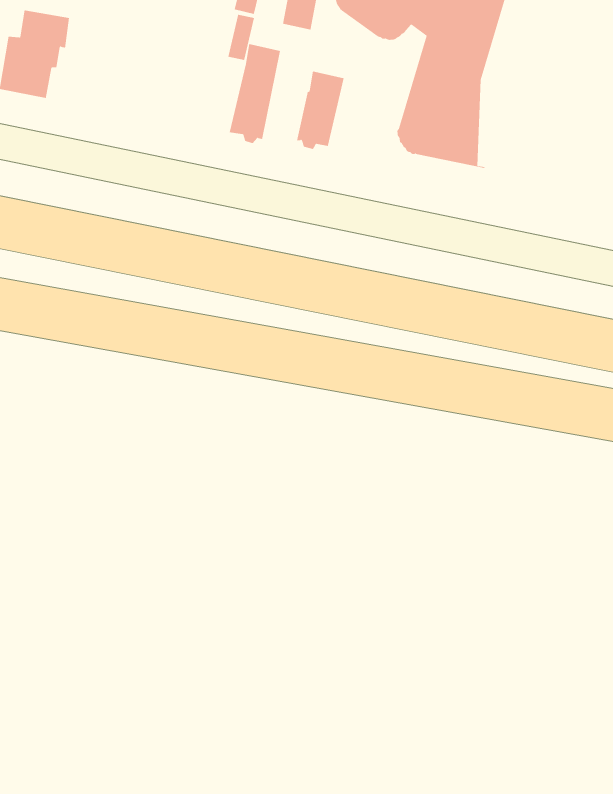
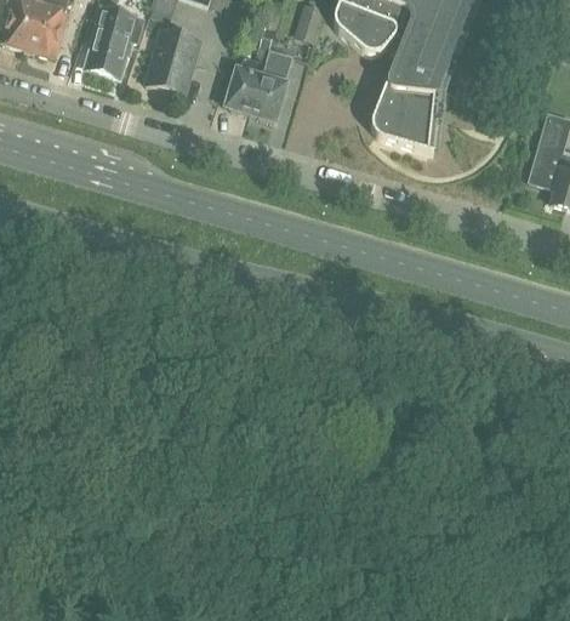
building: none -> [146,27,200,92]
building: [296,71,345,150] -> [227,53,266,110]

